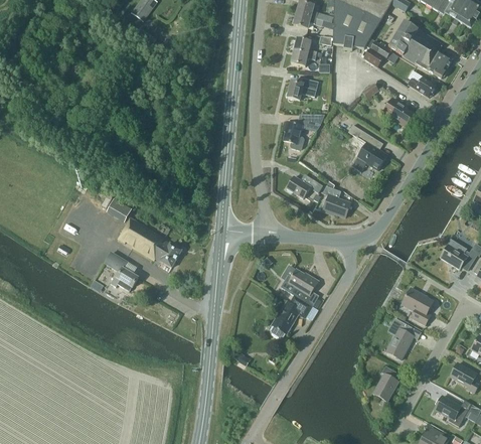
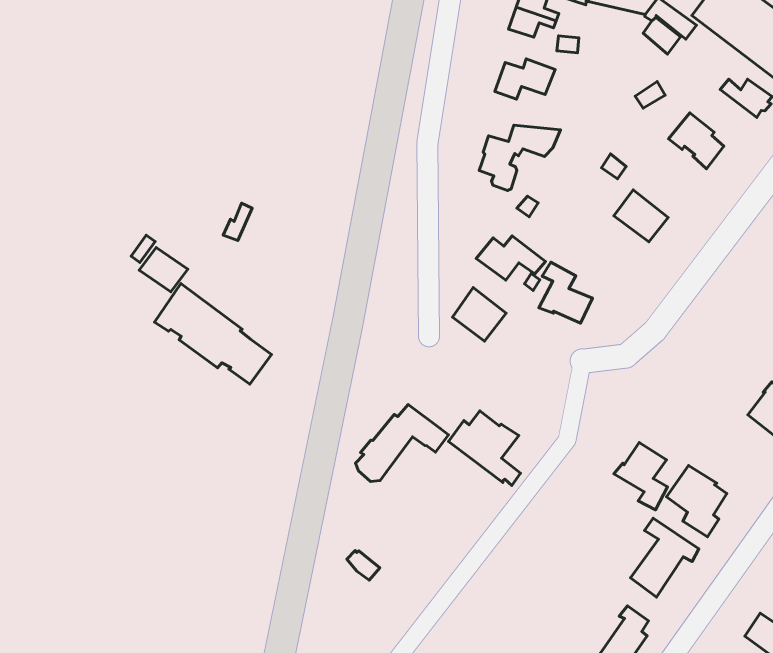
building: none -> [453,287,506,341]
building: [104,251,138,291] -> none
building: none -> [614,442,668,510]
building: [269,295,317,338] -> [356,405,448,482]

